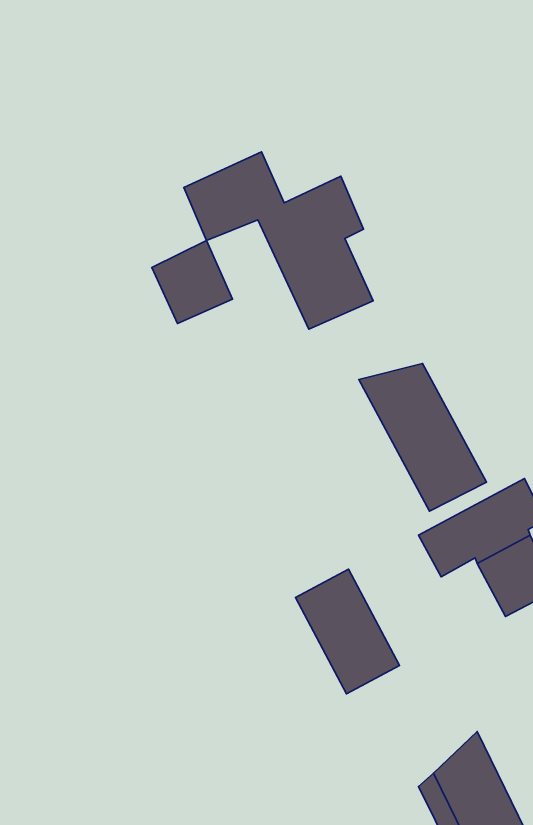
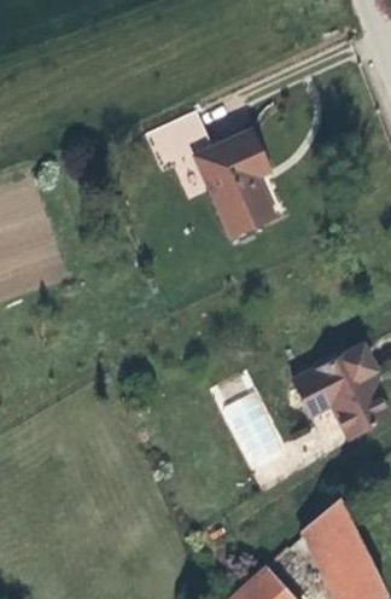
building: [152,241,233,324] -> none
building: [359,364,486,511] -> none

